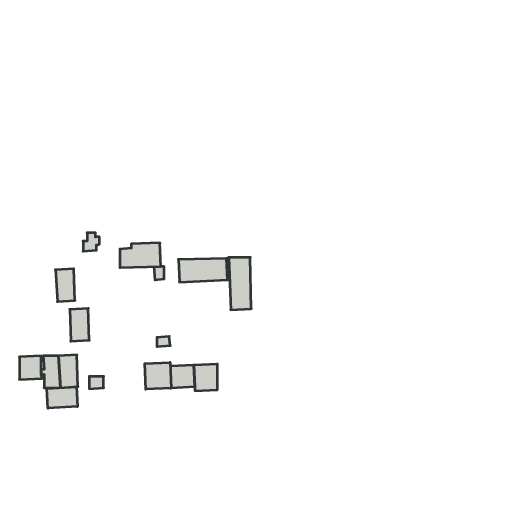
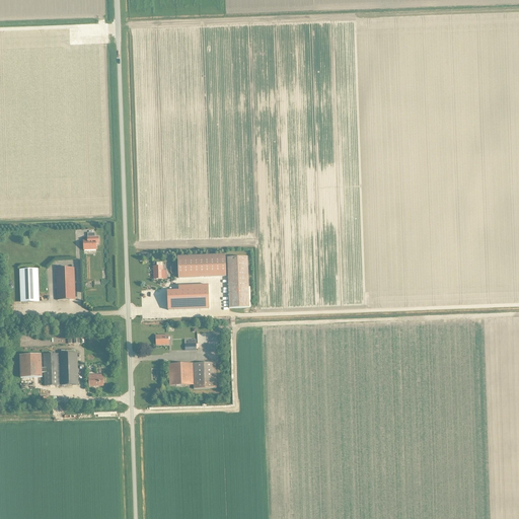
building: [120,243,161,268] -> [167,283,208,307]
building: [70,308,89,341] -> [19,267,39,299]
building: [145,362,171,389] -> none
building: [47,387,77,408] -> none

